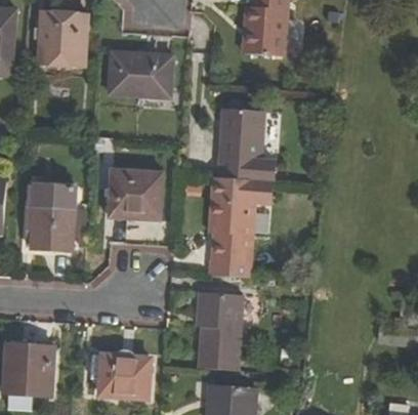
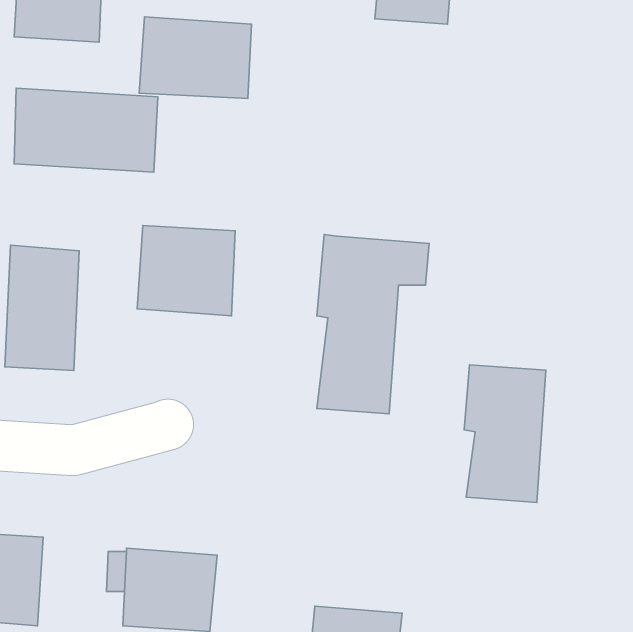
building: none -> [14,88,158,172]
building: [220,94,277,180] -> none
building: [197,292,243,370] -> [464,365,546,502]

